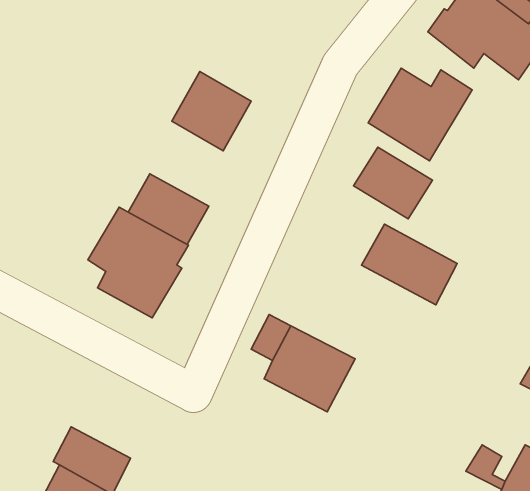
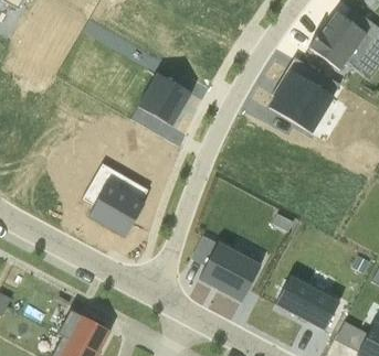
building: [354,147,432,219] -> none
building: [128,174,209,244] -> none
building: [361,224,457,305] -> [274,276,338,330]

